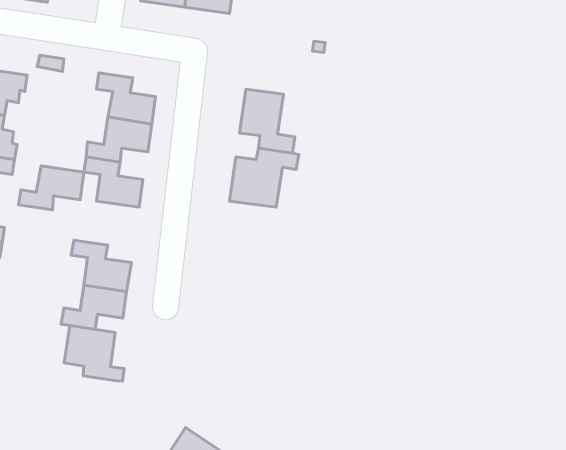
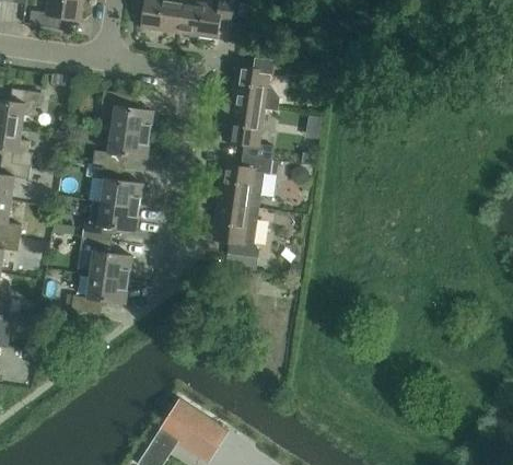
building: none -> [231,58,285,112]
building: [18,166,84,210] -> [81,202,138,241]
building: none -> [211,202,258,258]
building: [64,326,124,381] -> none

